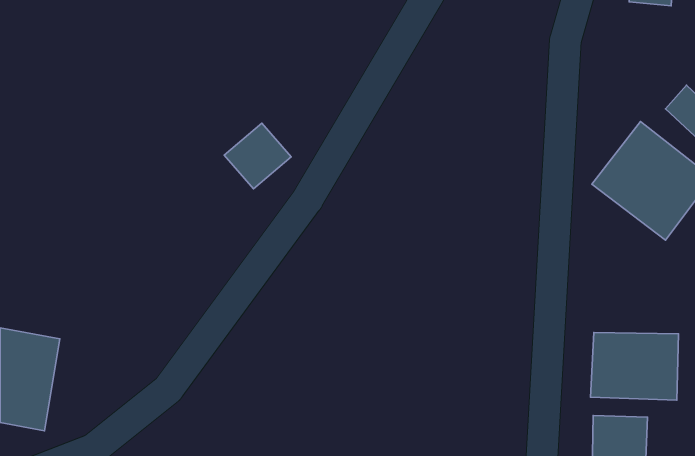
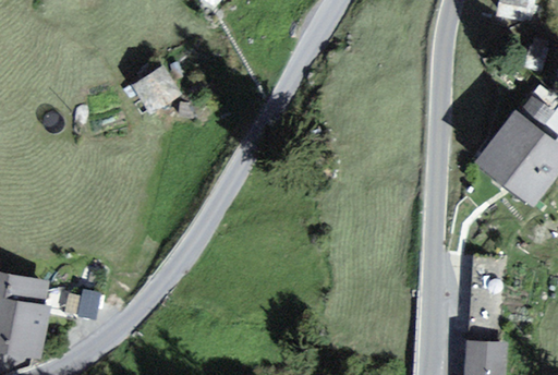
building: [224,123,291,189] -> [130,61,182,112]
building: [591,333,679,400] -> none

